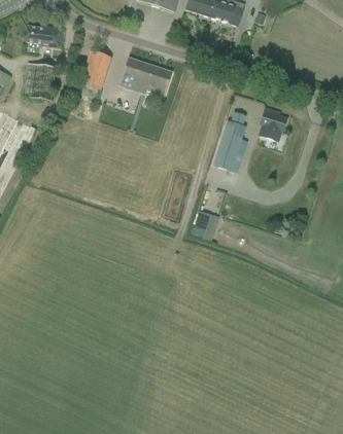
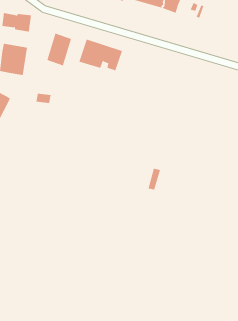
building: [261,108,287,141] -> none
building: [214,117,247,170] -> none

